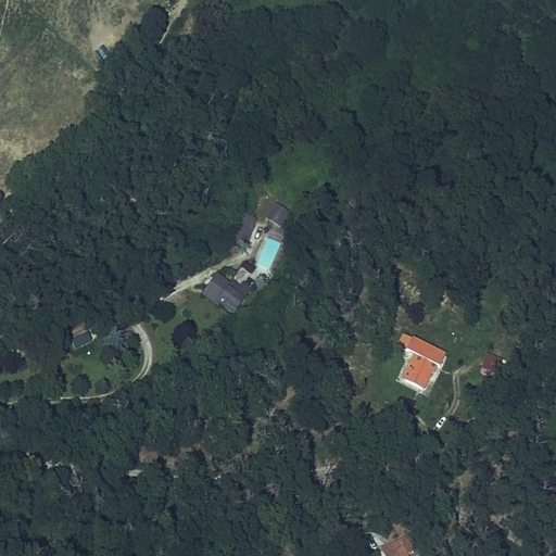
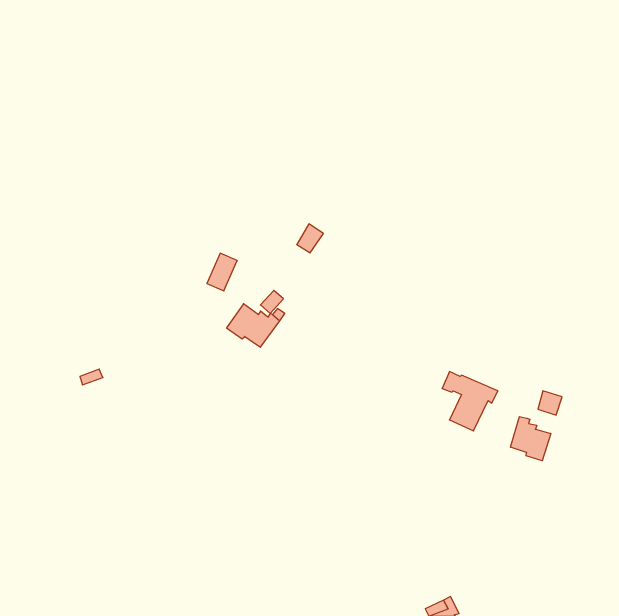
building: [230,210,257,243] -> [207,253,237,291]
building: none -> [511,417,551,461]

